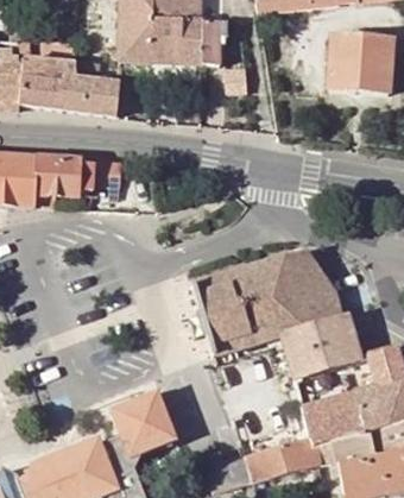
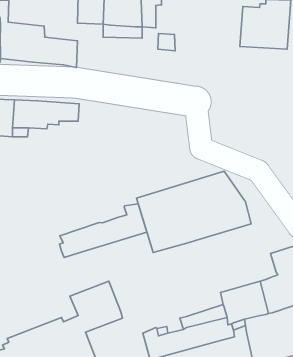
building: none -> [59,204,147,258]
building: [271,314,361,379] -> none

